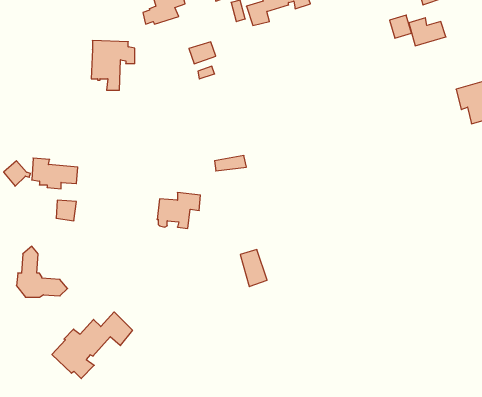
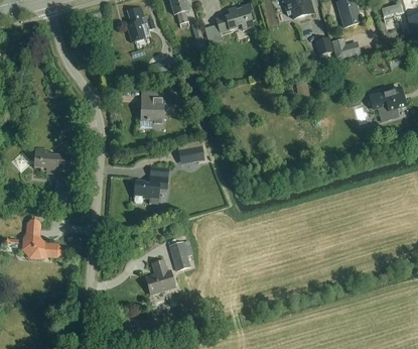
building: [91,41,135,90] -> [140,89,174,128]
building: [240,250,267,287] -> [169,242,190,271]
building: none -> [145,260,175,295]
building: [52,312,132,379] -> none

